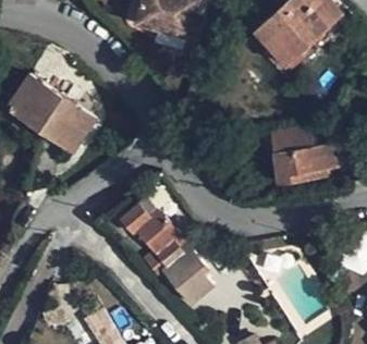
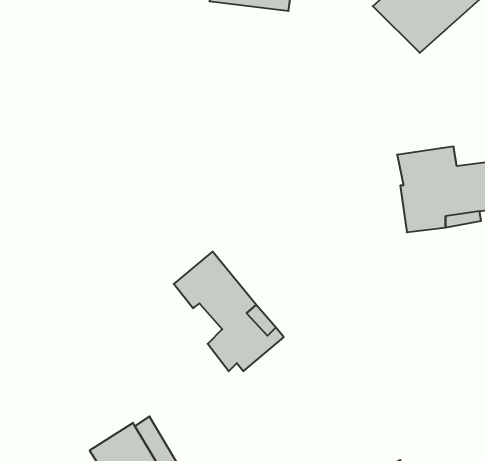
building: [8,75,94,152] -> none
building: [167,255,213,306] -> none

